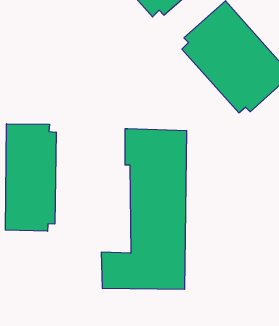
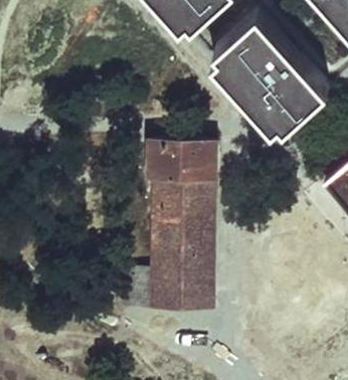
building: [5,124,56,231] -> none

